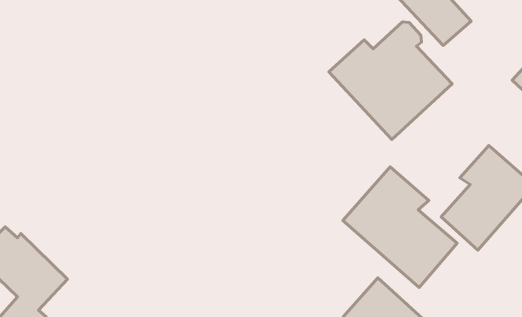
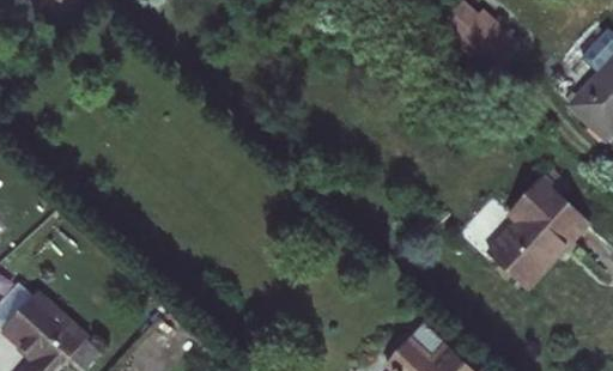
building: [329,22,452,140] -> none
building: [343,167,457,288] -> none

